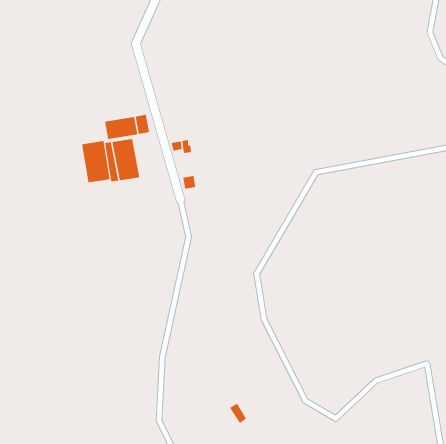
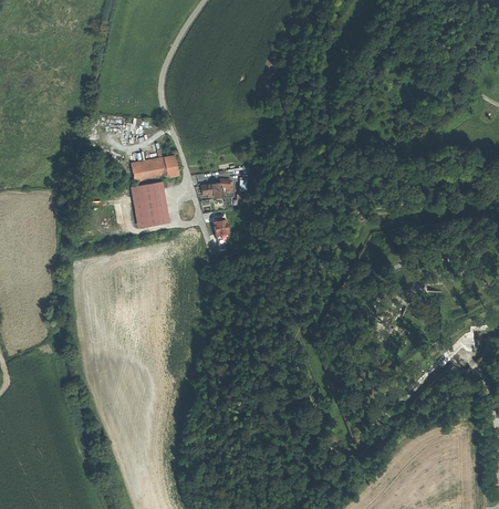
building: [82,140,110,183] -> none

